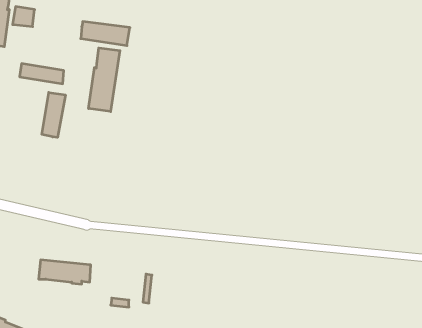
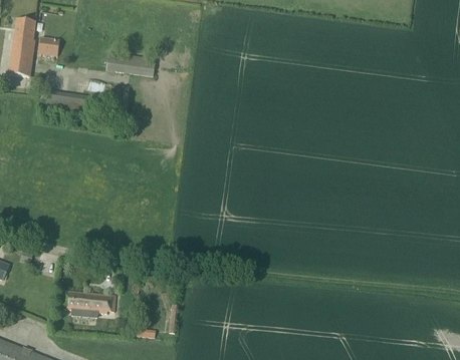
building: [89,48,120,112] -> none
building: [42,92,65,137] -> none

